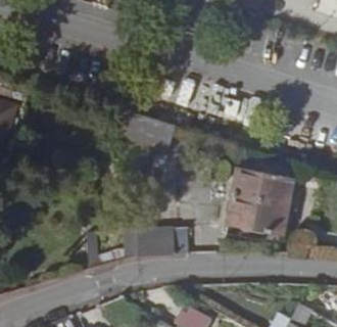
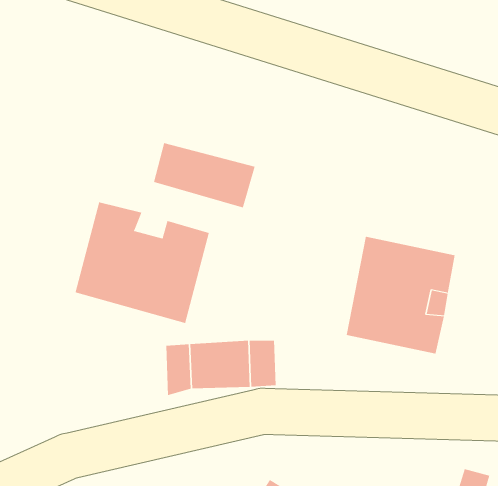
building: none -> [75,201,210,324]

